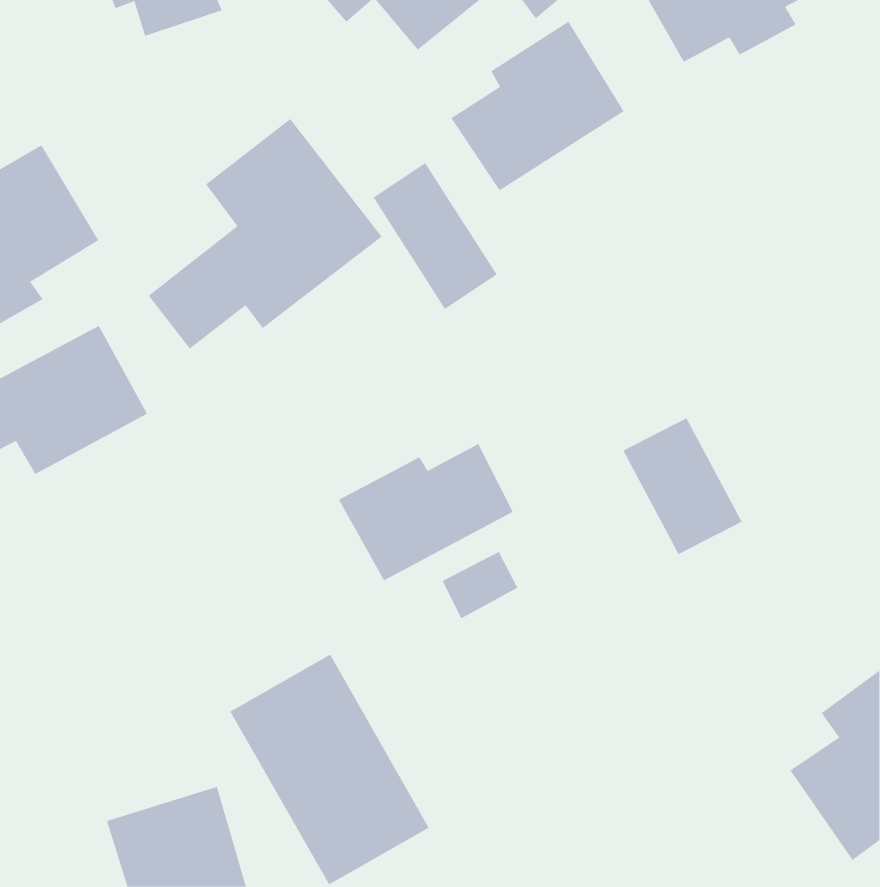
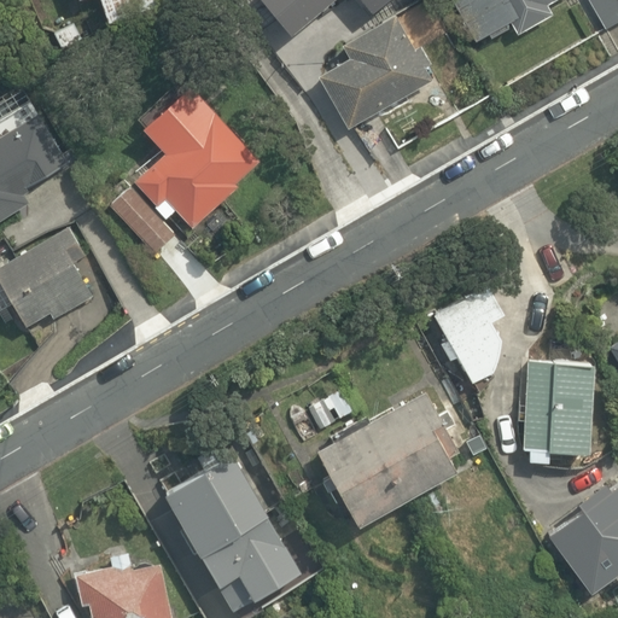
building: [373,162,497,310] -> none
building: [338,443,513,581] -> none
building: none -> [519,363,605,465]
building: none -> [317,396,467,530]

